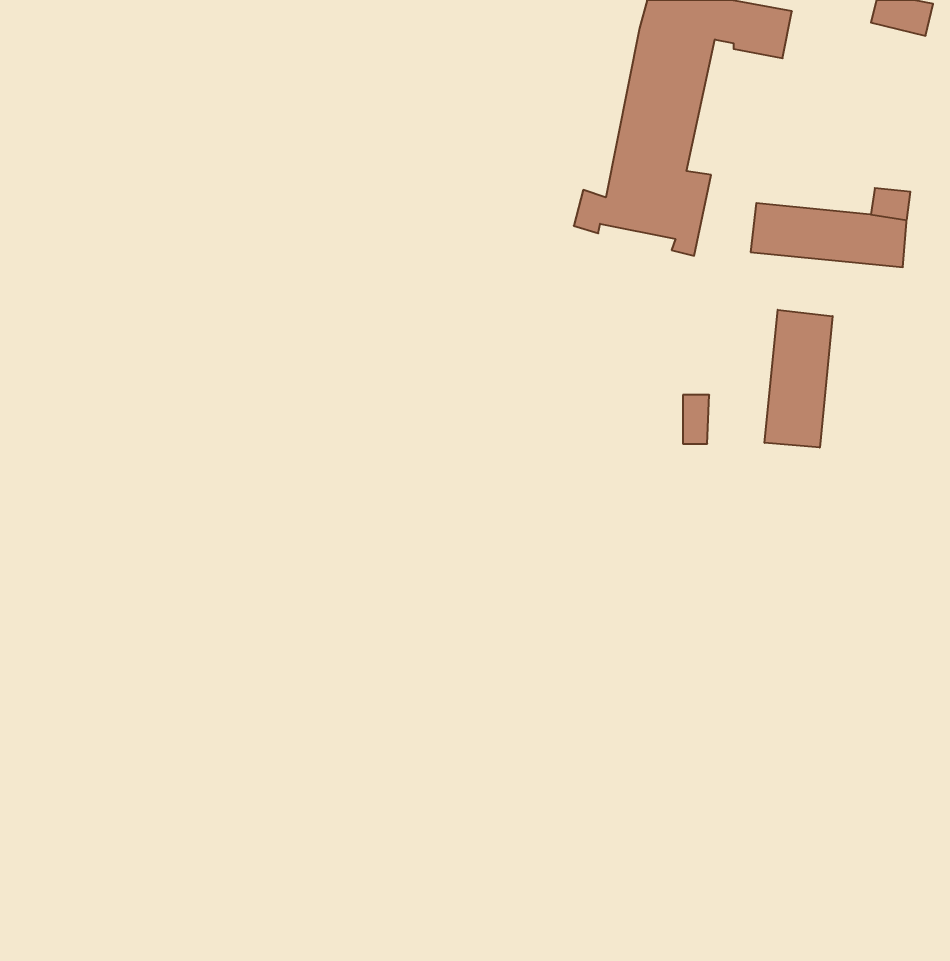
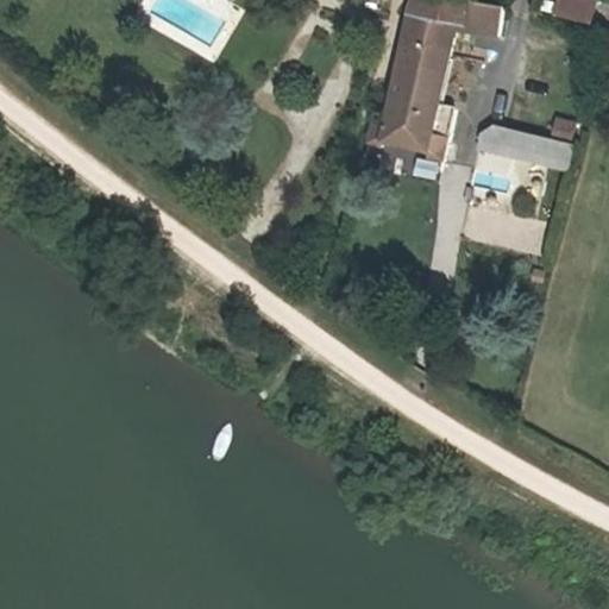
building: [765,310,833,448] -> none

